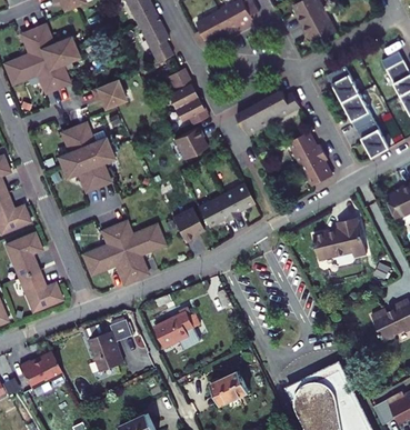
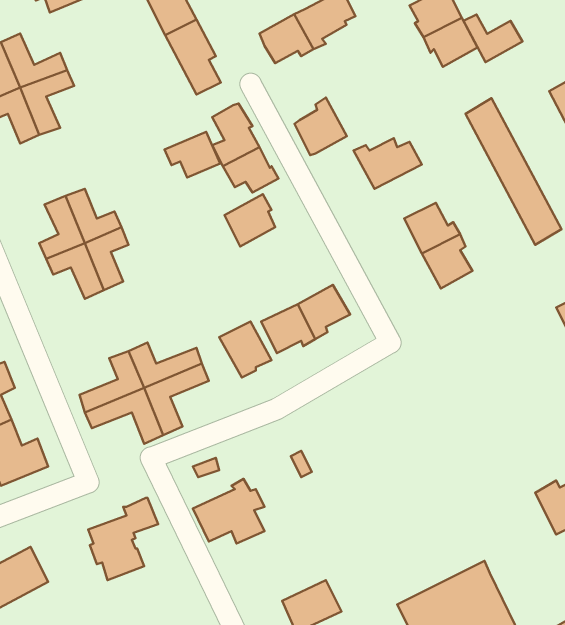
building: none -> [464,15,523,62]
building: [90,79,126,108] -> [164,132,220,177]
building: [237,98,270,134] -> [294,98,347,155]
building: [312,217,367,260] -> none

